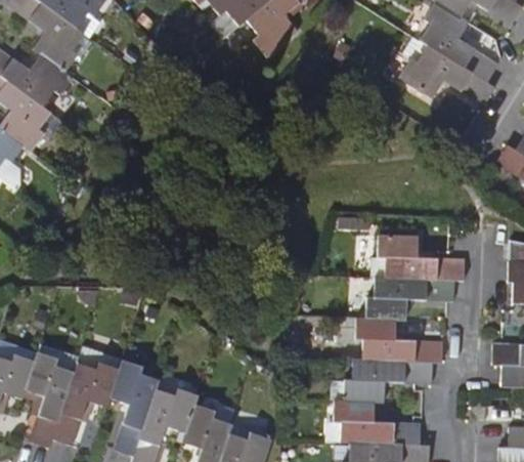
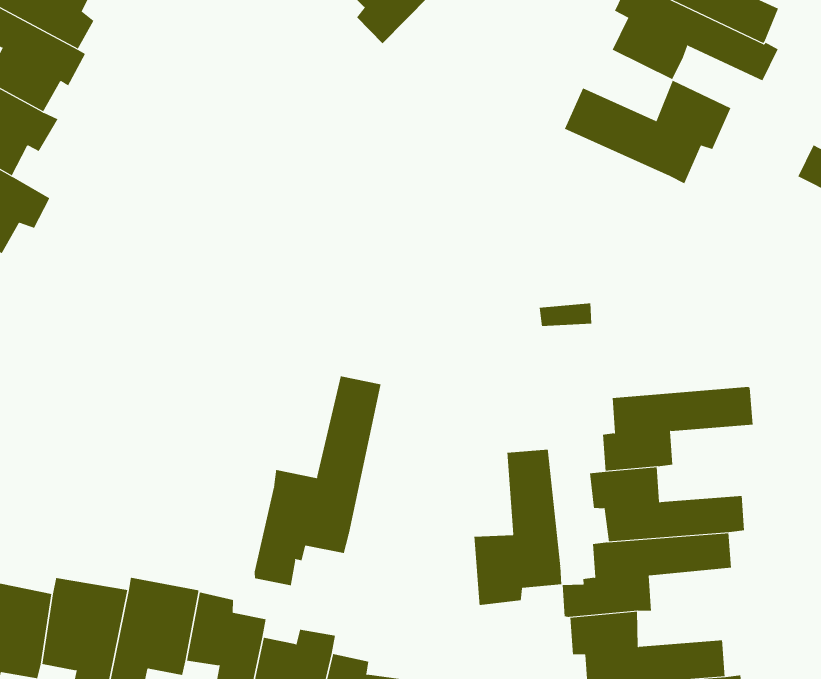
building: none -> [564,80,731,184]
building: [370,236,464,282] -> none
building: none -> [254,375,381,586]
building: none -> [474,449,562,606]

